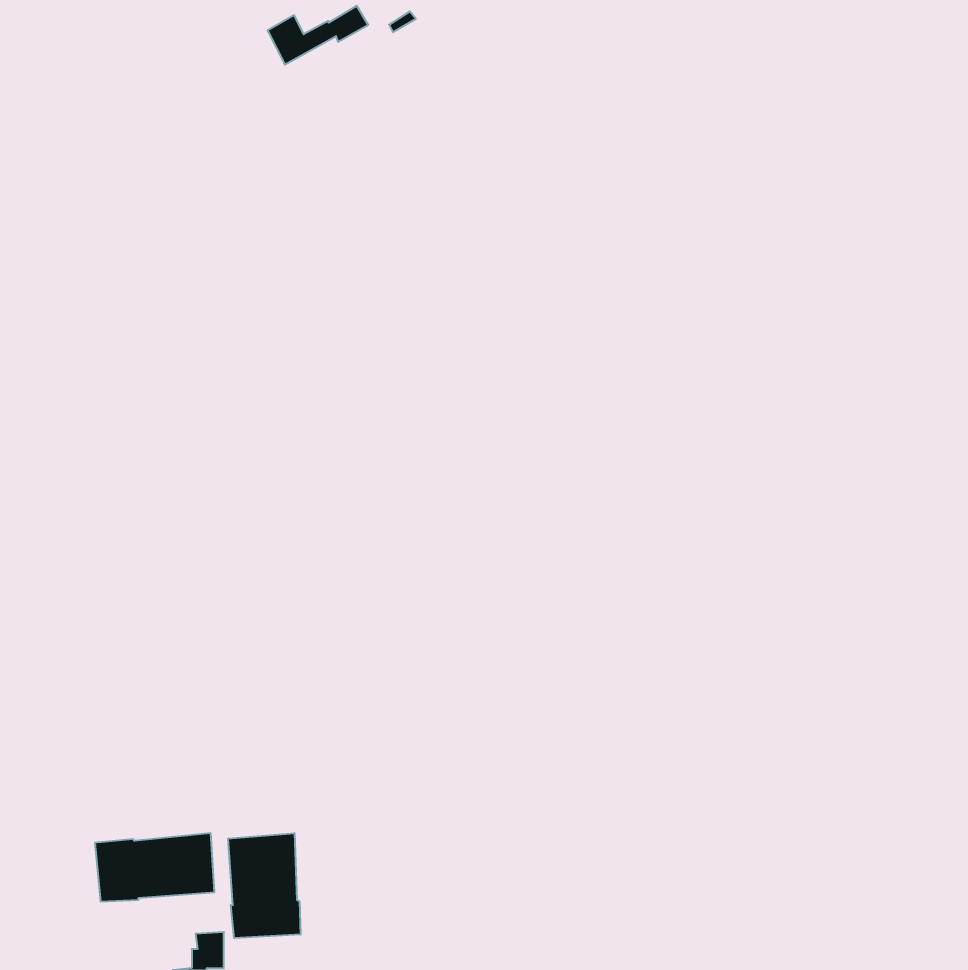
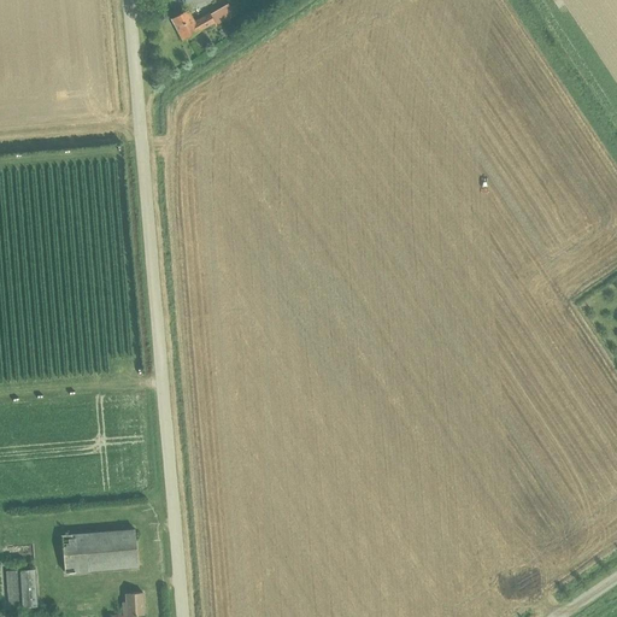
building: [228,833,301,938] -> none
building: none -> [5,569,37,607]

